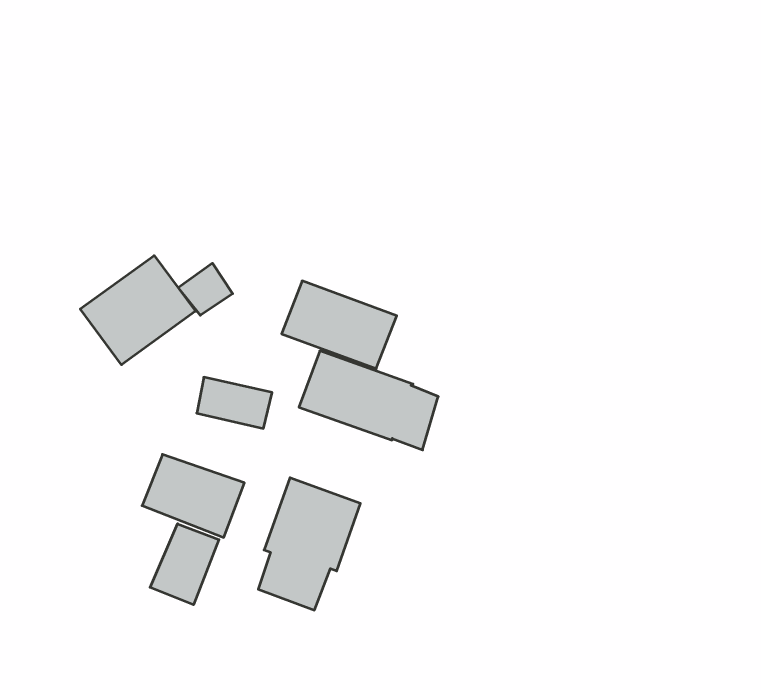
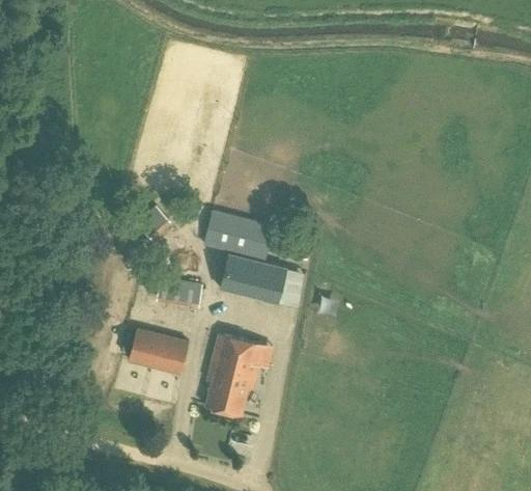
building: [80,256,196,365] -> none
building: [150,524,219,605] -> none

